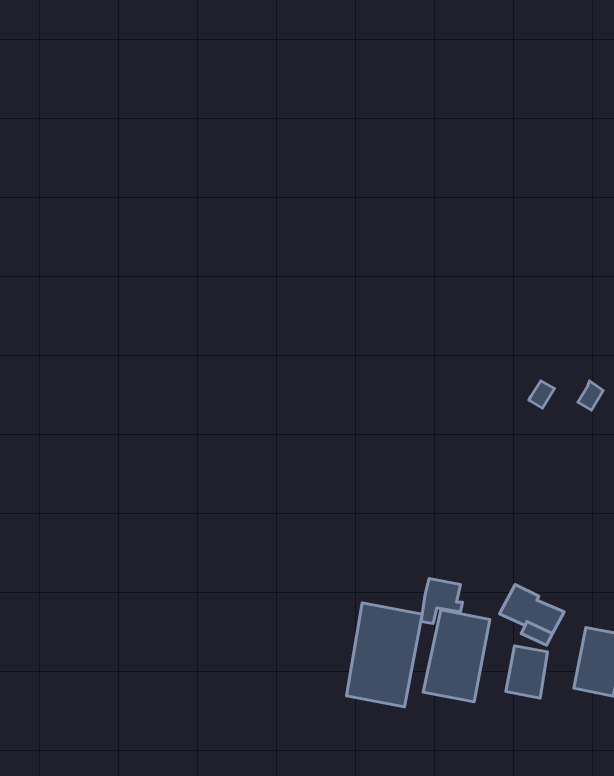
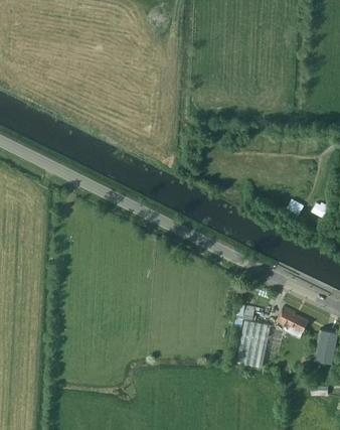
building: [346,603,422,707] -> none
building: [506,646,548,698] -> none

